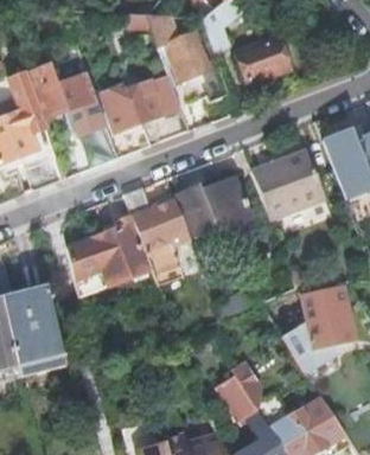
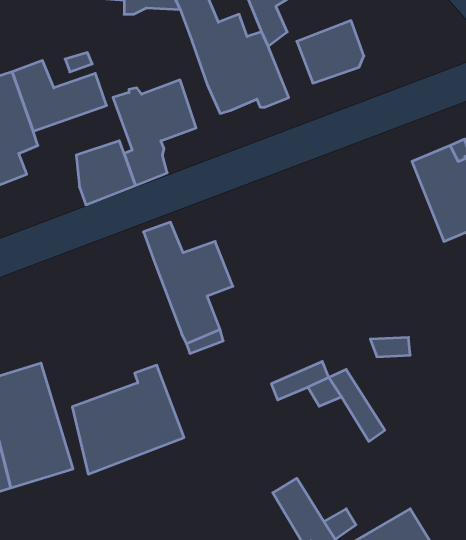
building: [254,148,327,217] -> none
building: [178,175,255,246] -> none
building: [69,213,152,294] -> [72,365,184,474]
building: [299,287,355,351] -> none

